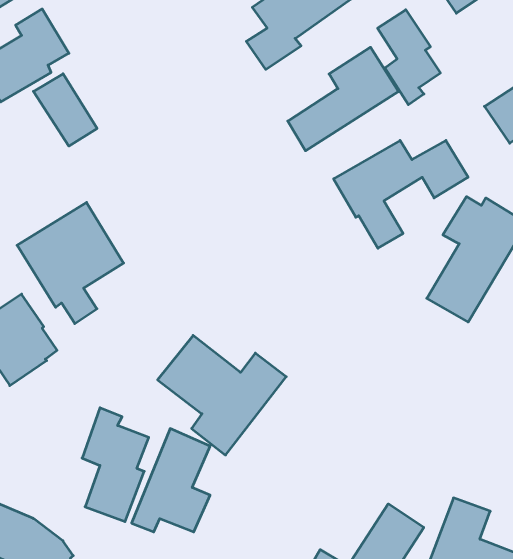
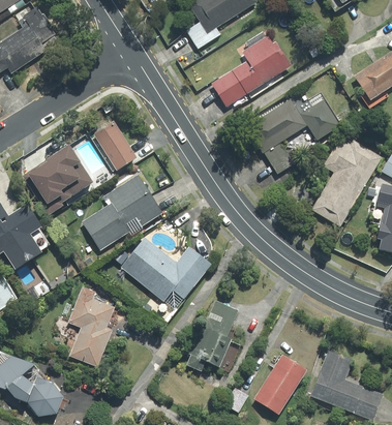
building: [378,10,440,105] -> none
building: [33,74,97,146] -> [94,122,139,173]
building: none -> [84,175,164,251]
building: [132,429,210,532] -> [187,299,242,371]

